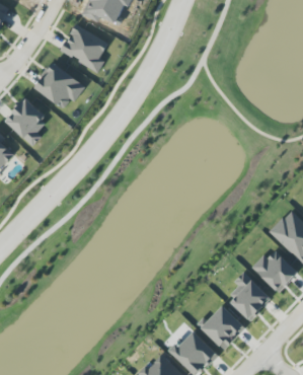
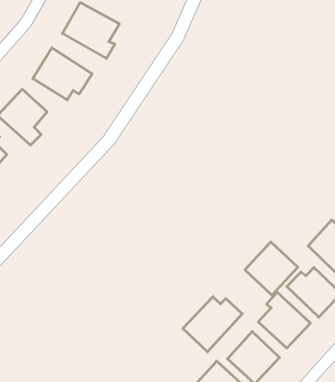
building: none -> [245,242,298,295]
building: none -> [183,297,242,352]

